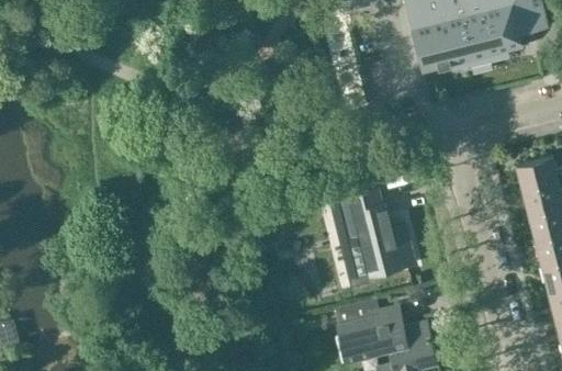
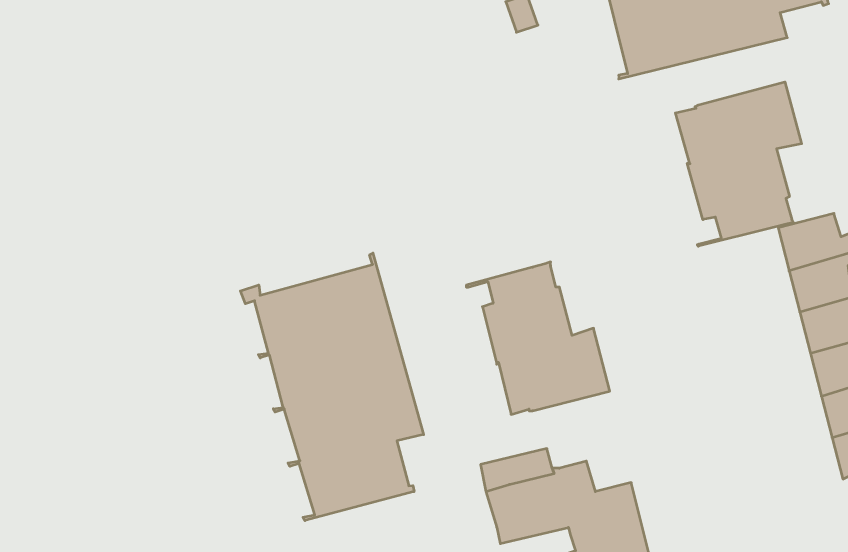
building: none -> [675,82,802,246]
building: none -> [240,253,424,521]

